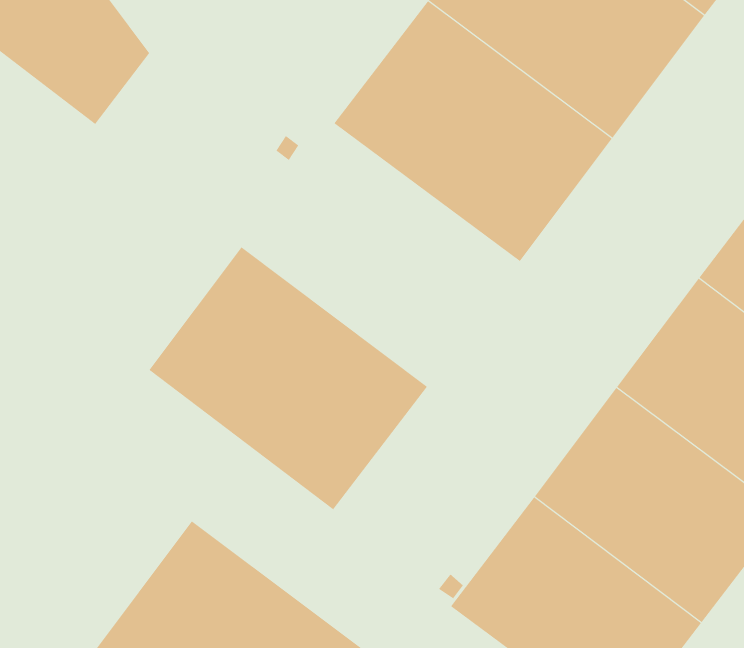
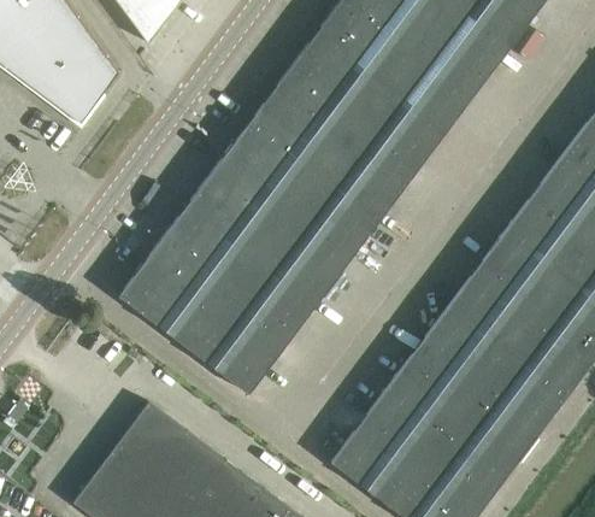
building: none -> [183,123,379,309]

